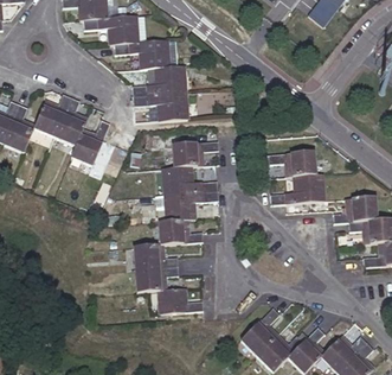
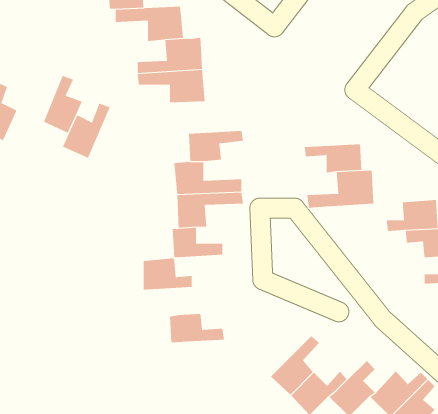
building: [34,91,71,134] -> none
building: [136,268,178,293] -> none

